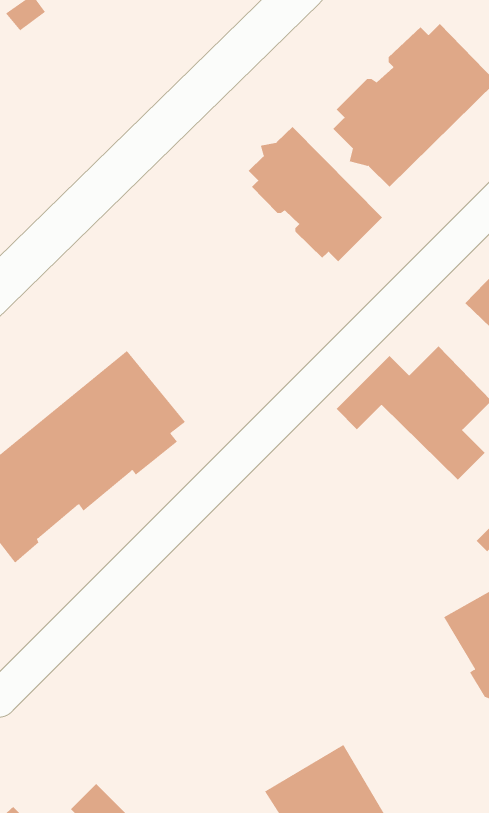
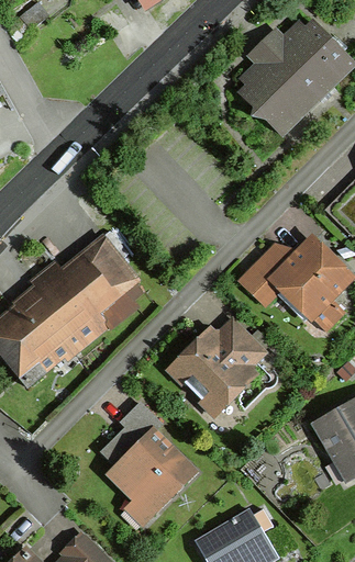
building: [248,126,383,262] -> none
building: none -> [173,327,264,411]
building: none -> [101,402,192,509]

